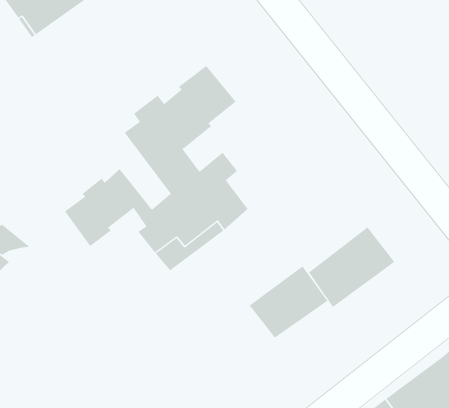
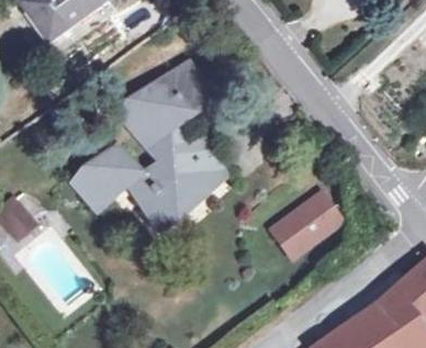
building: [249,265,328,339] -> none

